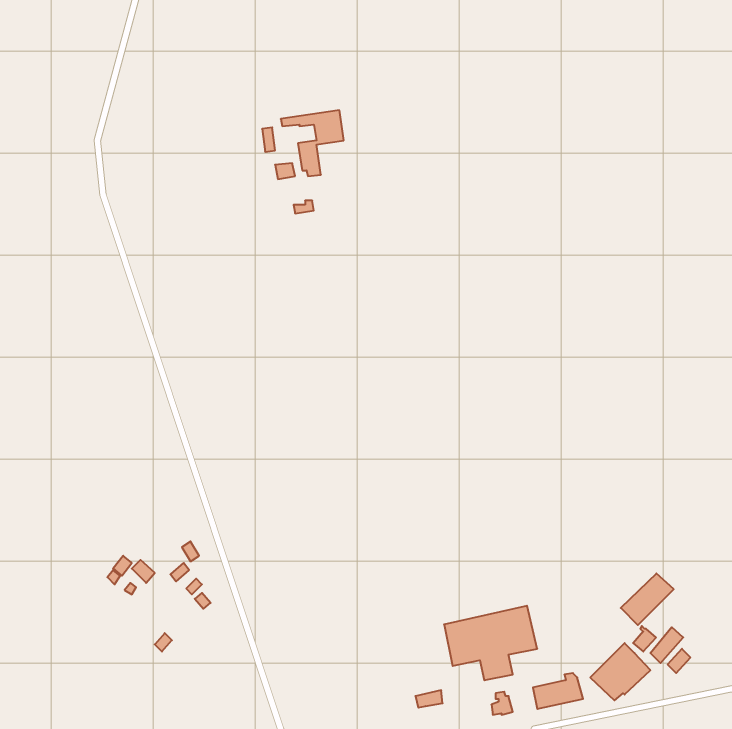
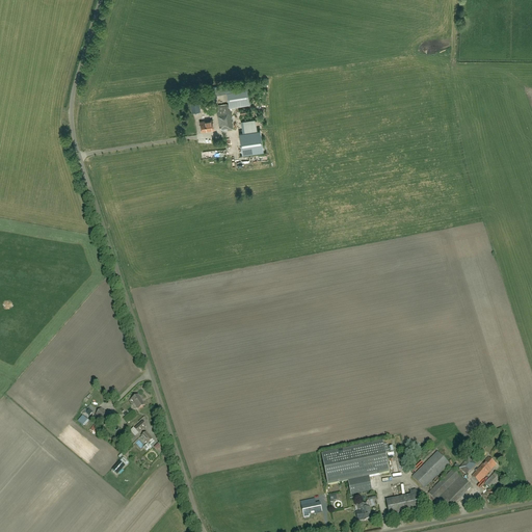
building: none -> [240,128,263,152]
building: [621,573,674,625] -> [411,450,450,487]

